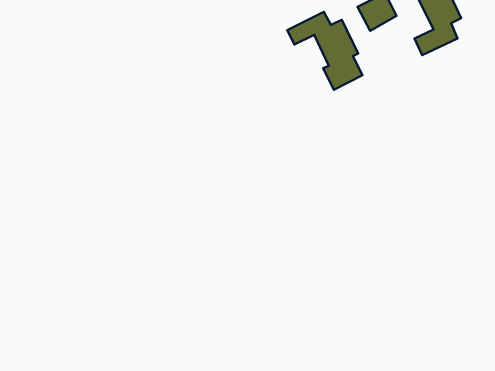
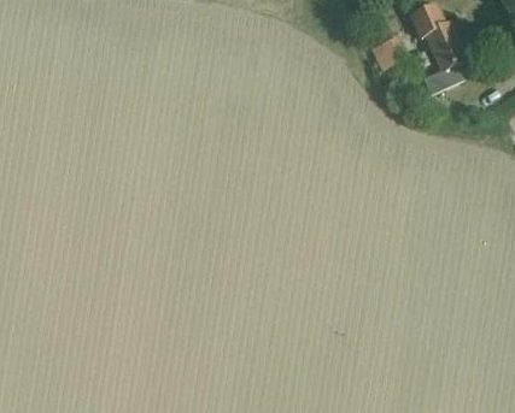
building: [287,12,362,90] -> none

